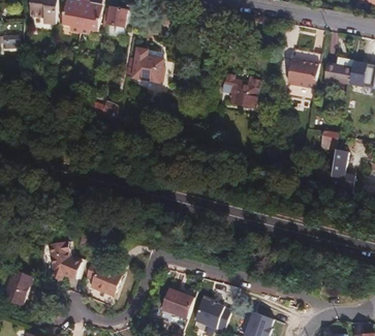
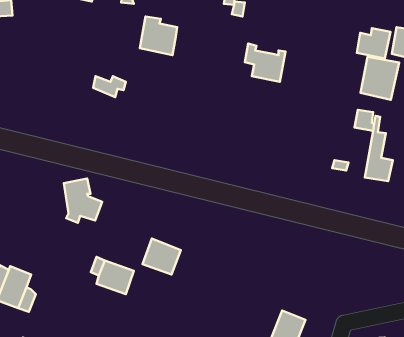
building: [286,50,320,88] -> [361,57,399,100]
building: [50,241,84,280] -> [64,179,102,223]
building: [163,285,197,317] -> [142,238,181,275]
building: [201,298,235,328] -> none

